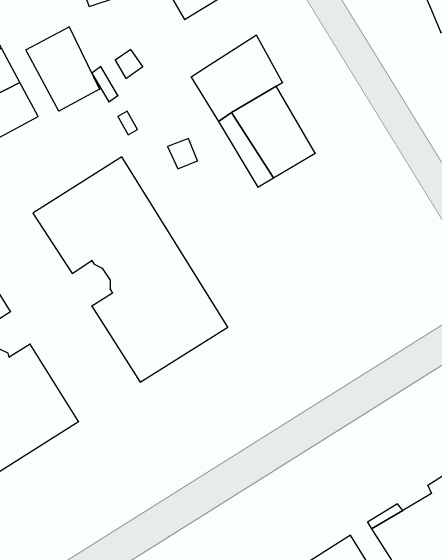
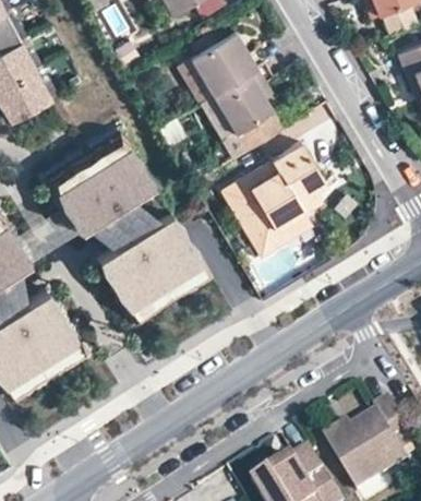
building: [26,27,100,111] -> none
building: none -> [218,143,323,257]

